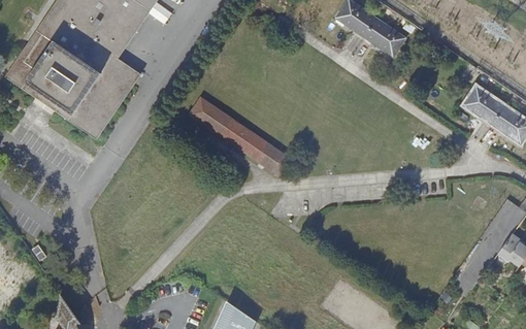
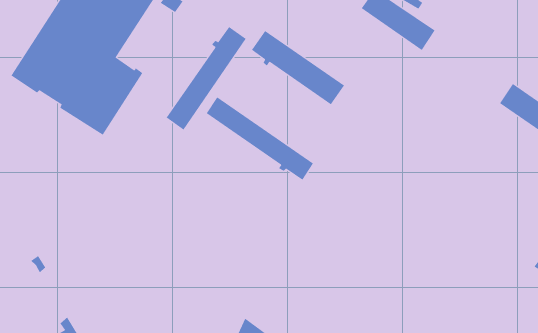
building: none -> [166,26,247,130]
building: none -> [251,30,345,105]

